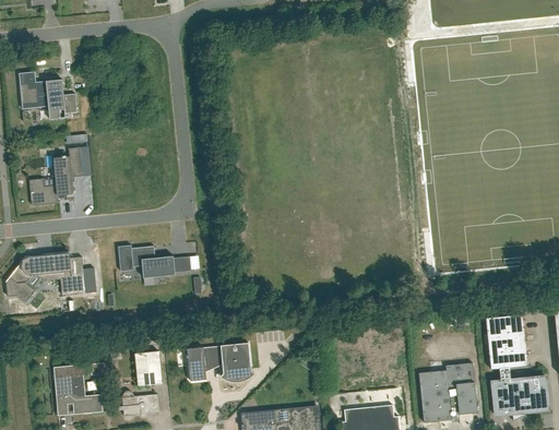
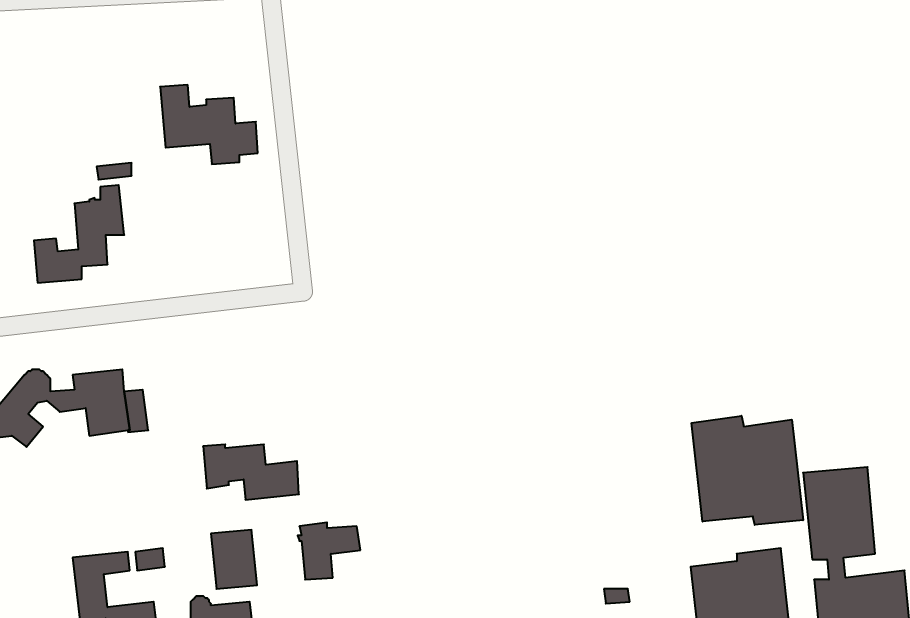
building: [19,71,76,118] -> [160,85,258,164]
building: [118,244,175,277] -> [203,444,299,500]
building: none -> [692,416,803,525]
building: [221,342,254,381] -> none

